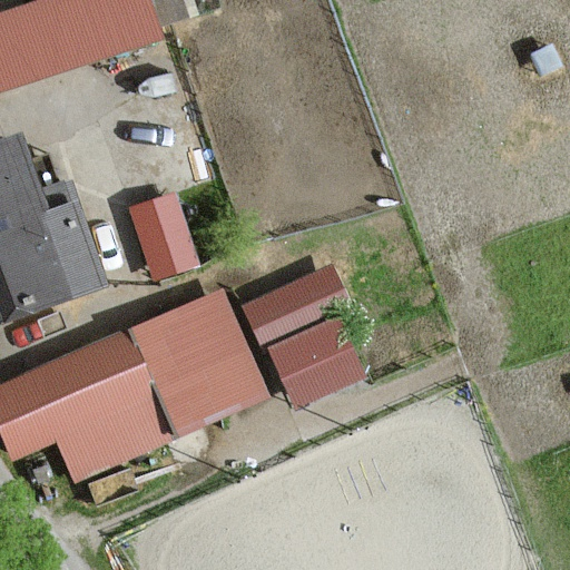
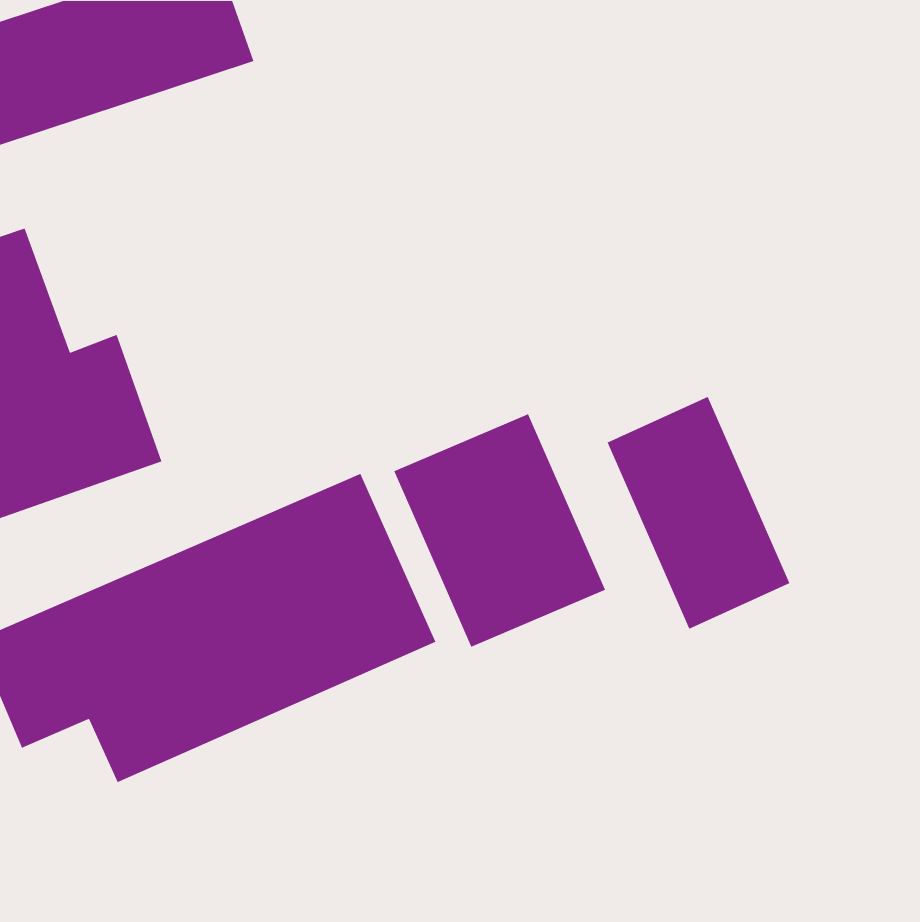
building: [126,181,200,274] -> none
building: none -> [607,396,791,630]

